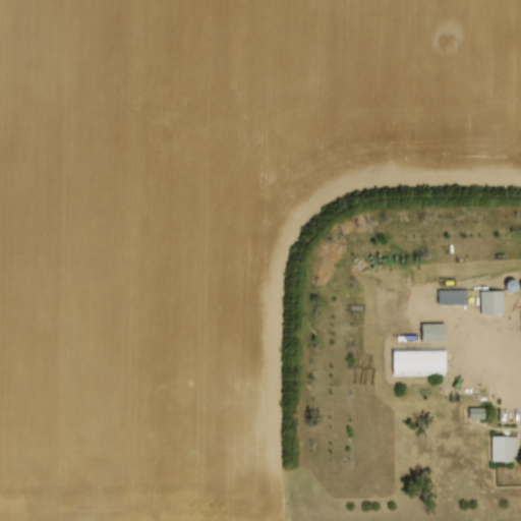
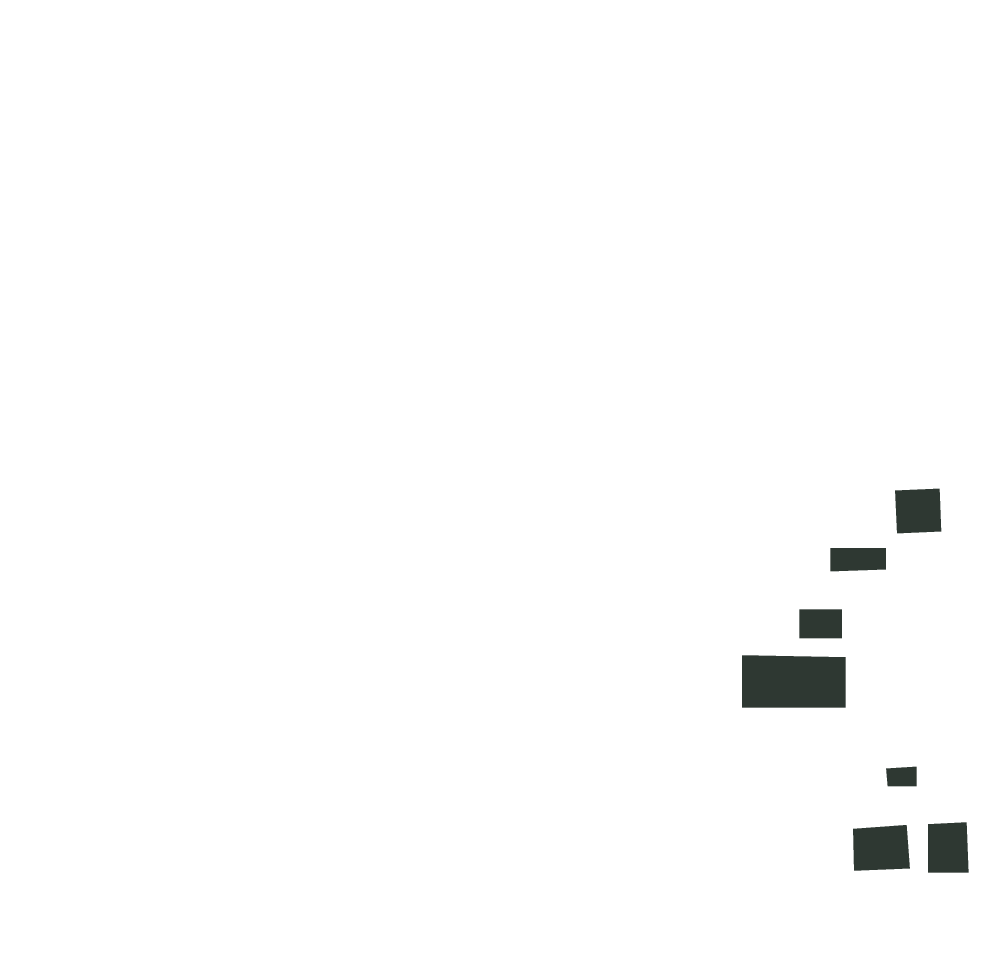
building: [480,290,506,314] -> [894,488,942,534]
building: none -> [852,824,911,871]

